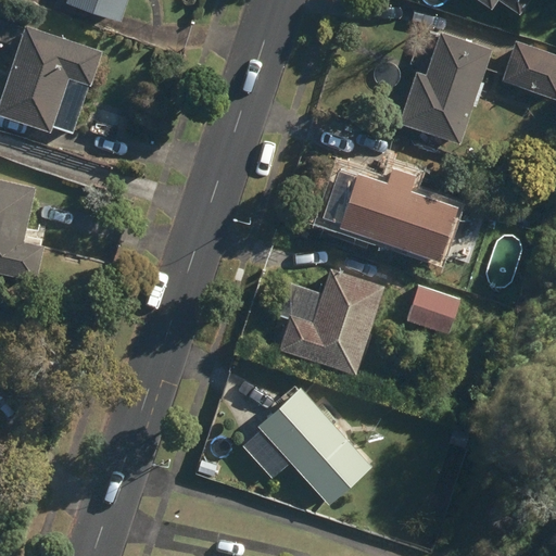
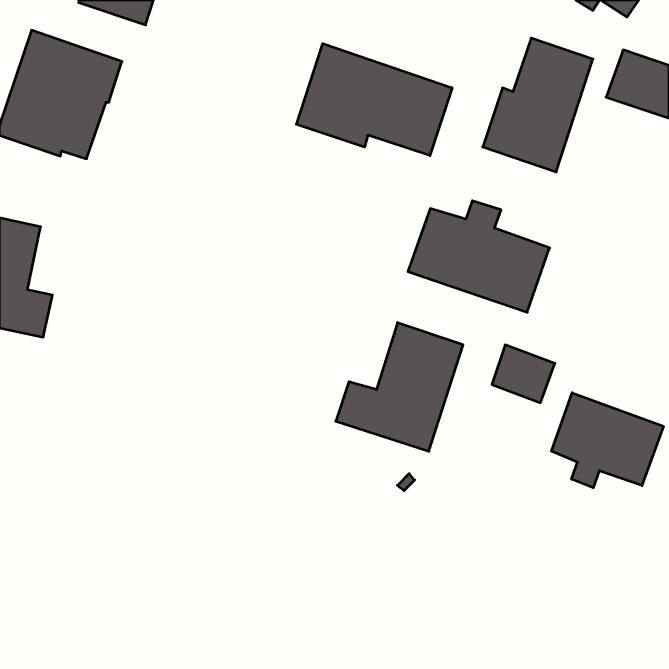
building: none -> [296,44,452,156]
building: none -> [551,393,663,488]
building: [233,389,369,504] -> none

